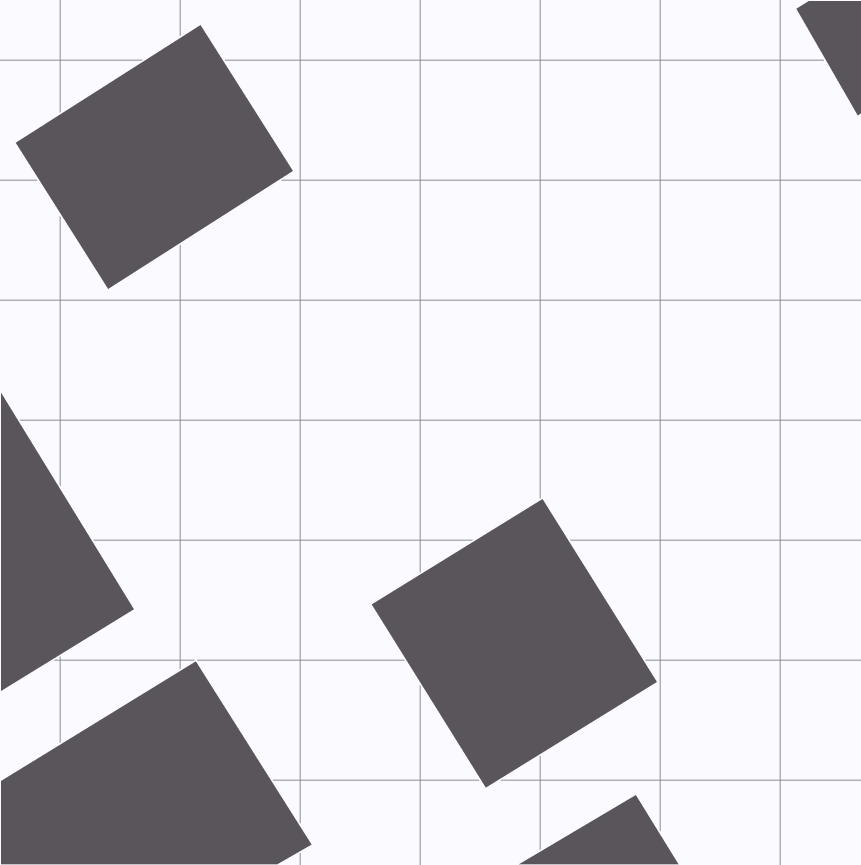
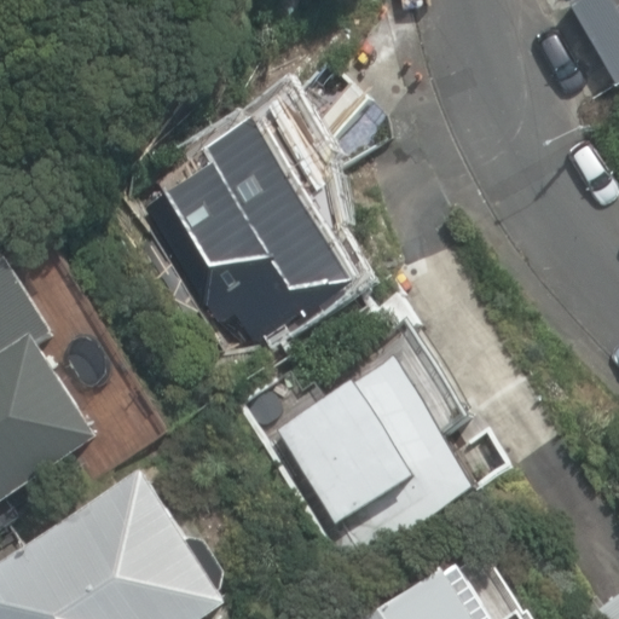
building: [15,24,294,290] -> none
building: none -> [134,117,363,340]

